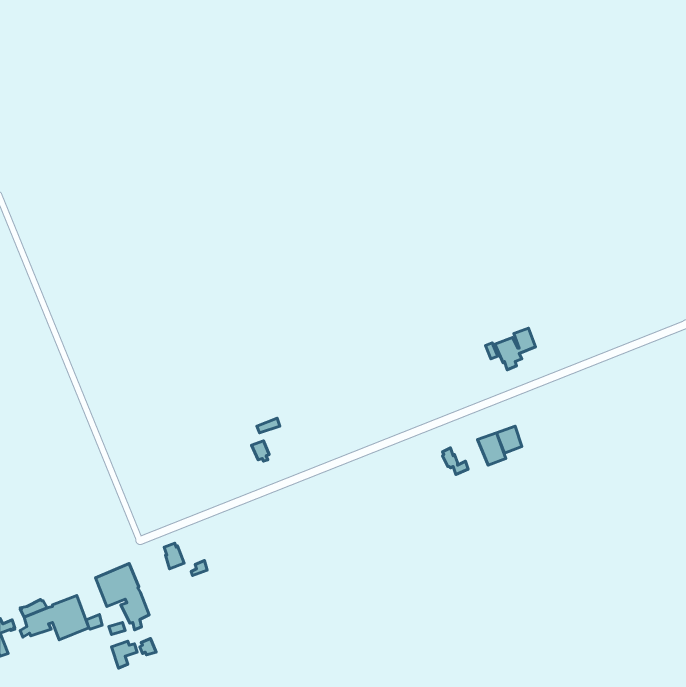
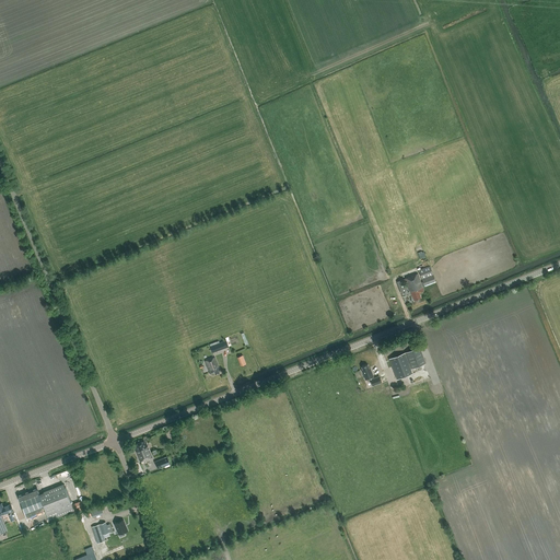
building: [96,564,149,630] -> none

